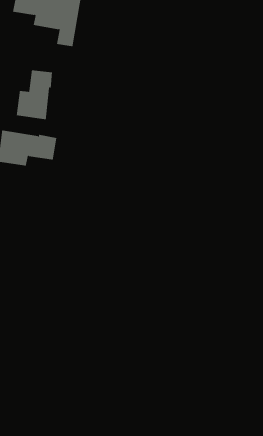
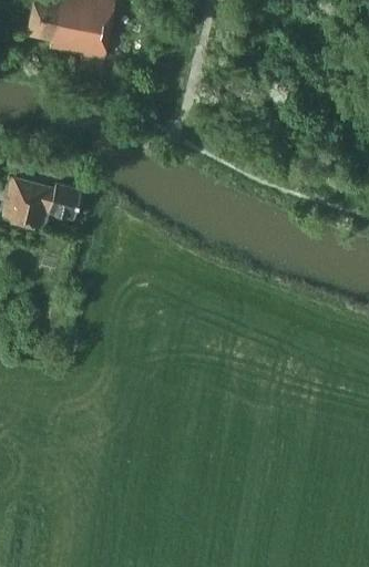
building: [16,70,53,120] -> none

